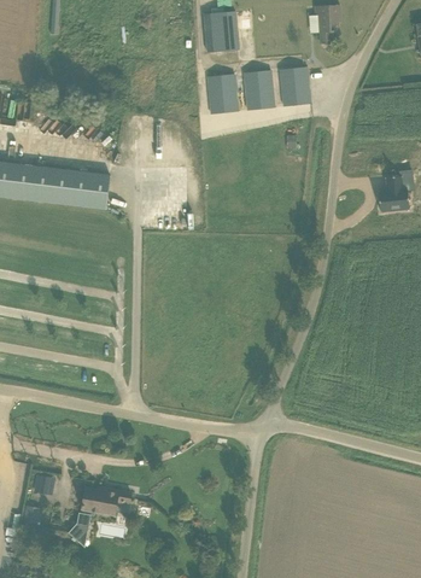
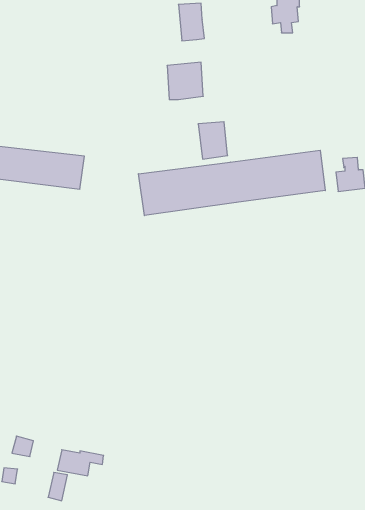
building: [275,66,306,106] -> none
building: [239,70,270,110] -> [198,122,228,159]
building: none -> [138,150,325,216]

